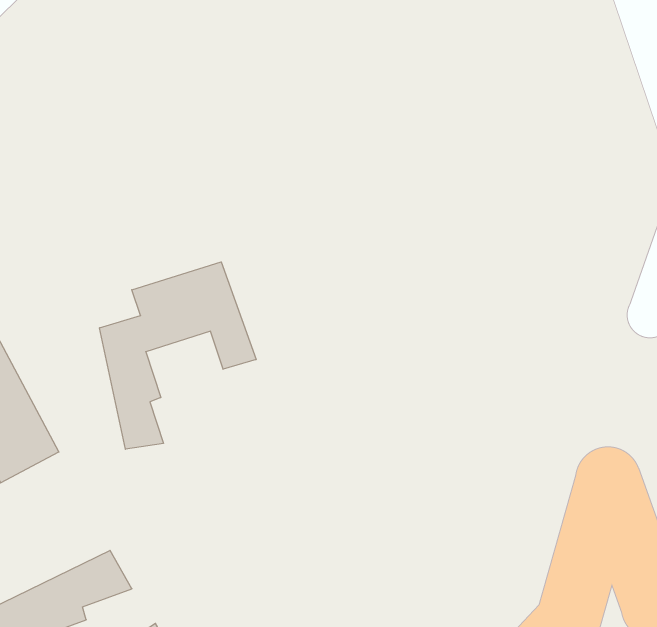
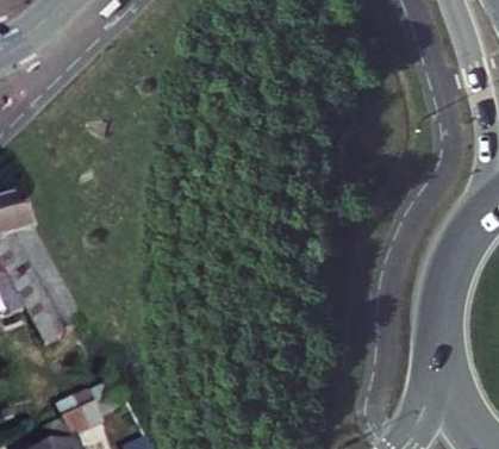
building: [100,262,256,449] -> none

